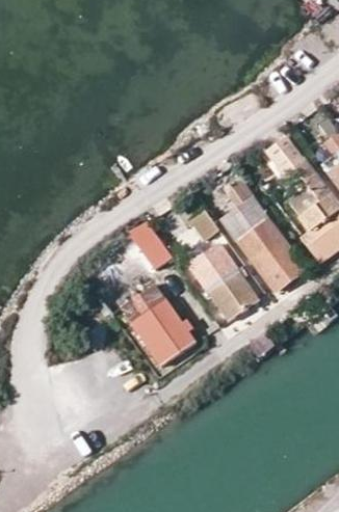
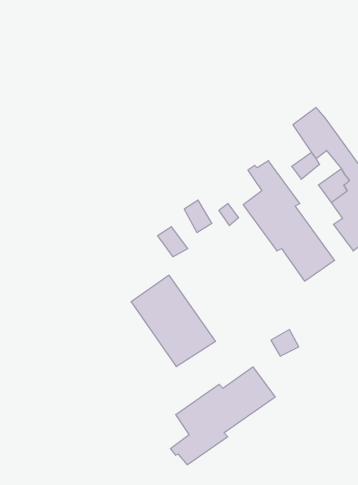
building: [190,244,258,318] -> none
building: none -> [171,367,275,465]

